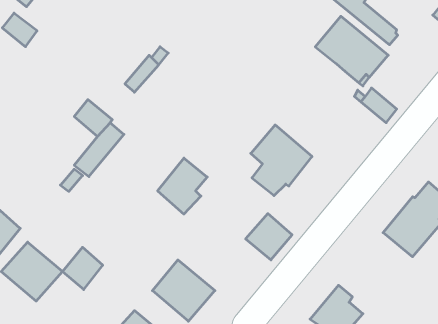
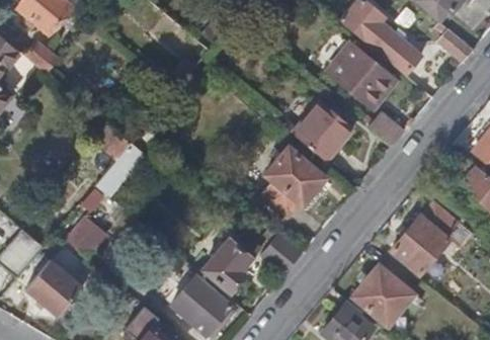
building: none -> [293,100,352,161]
building: [158,158,207,214] -> [203,238,251,291]
building: [63,247,103,290] -> [65,209,103,250]
building: none -> [351,265,413,320]

